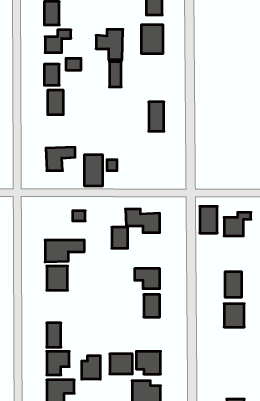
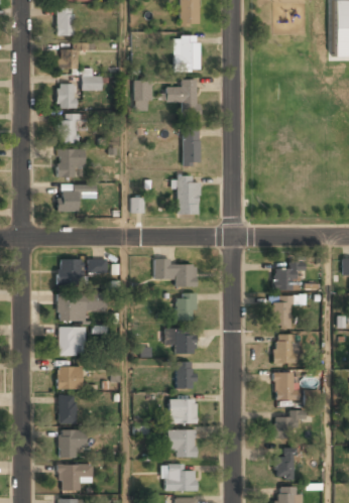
building: [96,29,123,60] -> [166,80,199,116]
building: none -> [57,149,85,177]
building: [84,155,103,186] -> [177,175,199,213]
building: [200,206,217,233] -> [271,295,293,328]
building: none -> [57,259,83,286]
building: [112,227,128,248] -> [177,293,196,319]
building: none -> [57,367,83,389]
building: none -> [274,410,305,437]
building: [110,354,132,374] -> [169,398,197,422]
building: [82,356,100,379] -> none
building: none -> [275,449,296,479]

